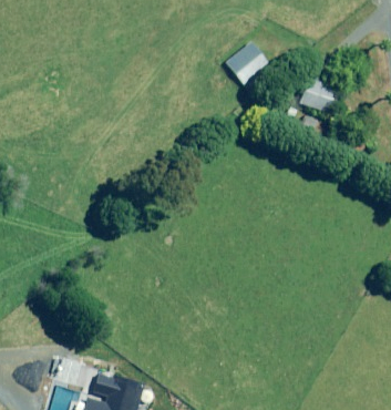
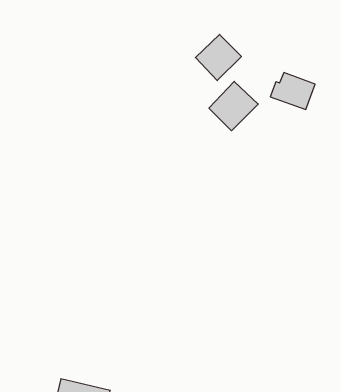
building: none -> [209,81,258,131]

